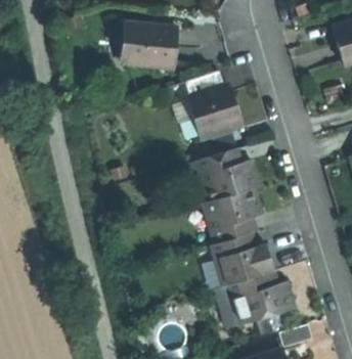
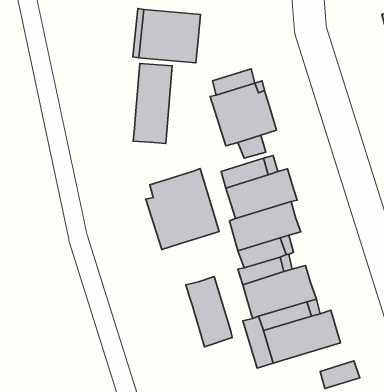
building: none -> [133,63,172,144]
building: none -> [146,168,219,249]
building: none -> [186,277,232,347]

